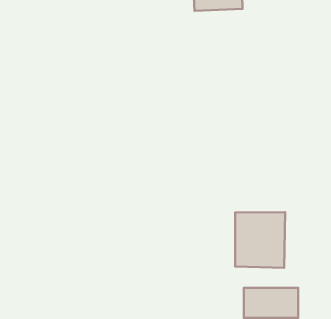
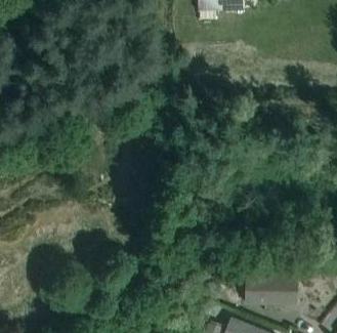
building: [235,212,285,268] -> none

